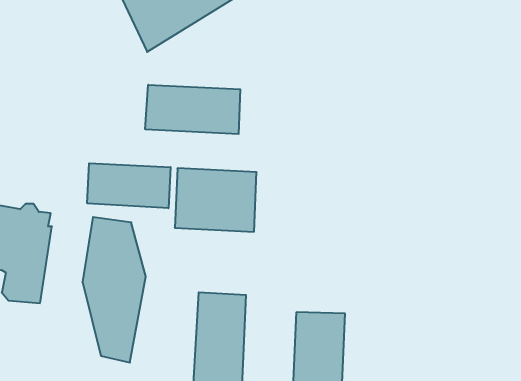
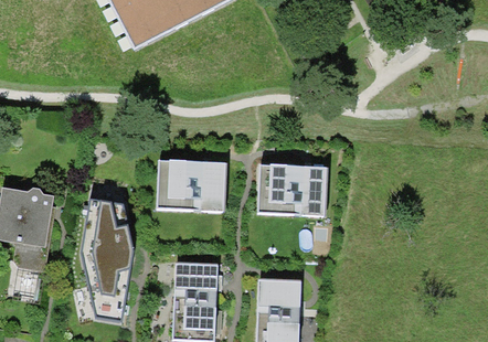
building: [145,85,240,134] -> none
building: [87,163,171,208] -> none
building: none -> [258,163,327,214]

